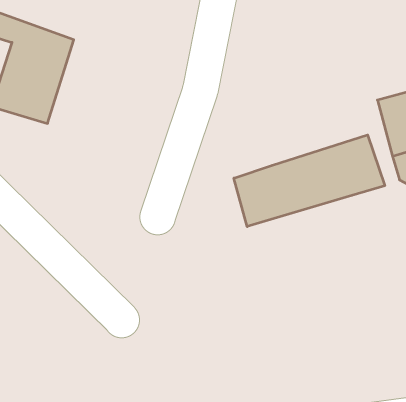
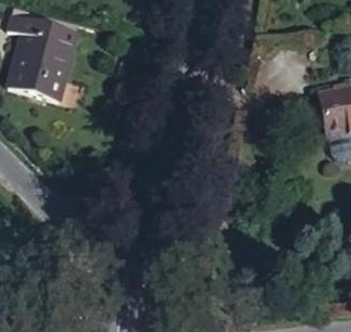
building: [234,135,385,227] -> none

